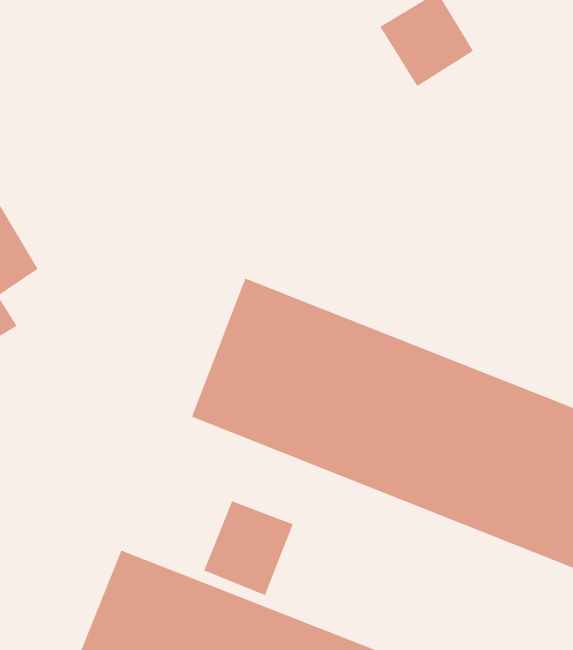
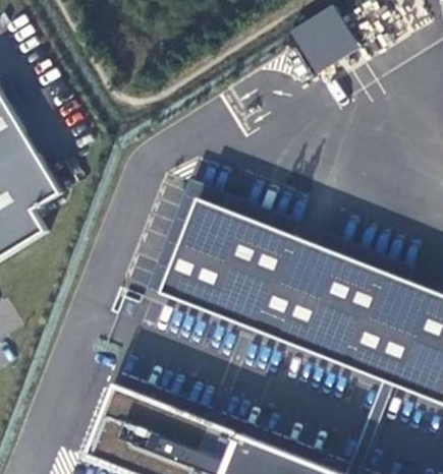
building: [203,501,293,596] -> none

